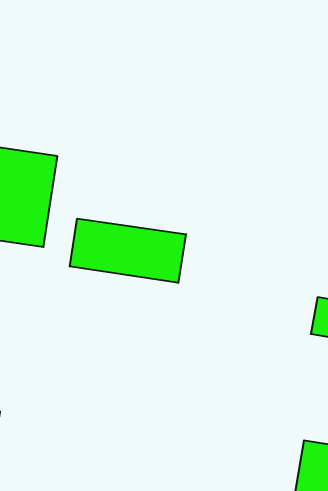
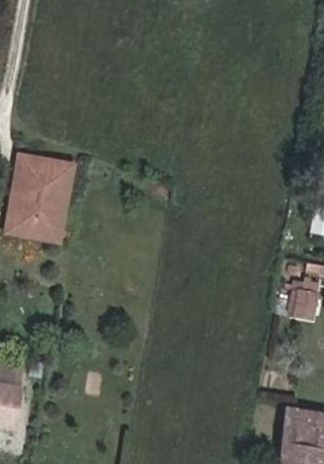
building: [70,219,186,283] -> none

